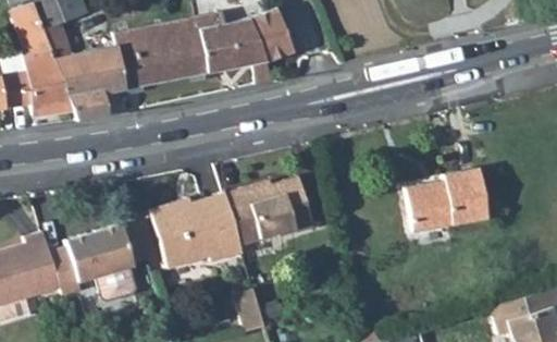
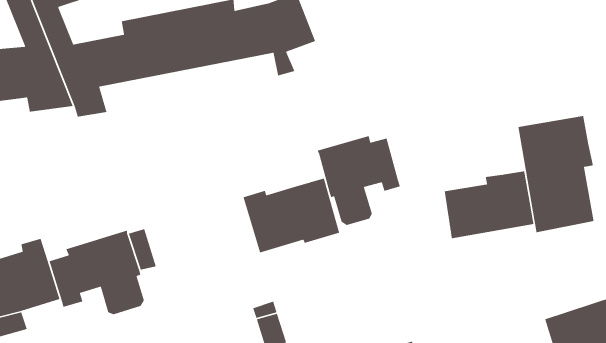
building: none -> [517,115,594,233]
building: none -> [316,135,401,226]
building: [151,192,243,267] -> none

